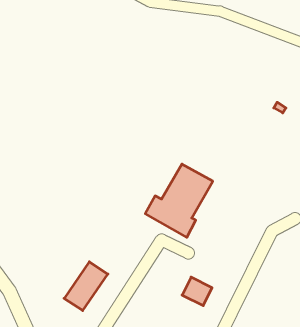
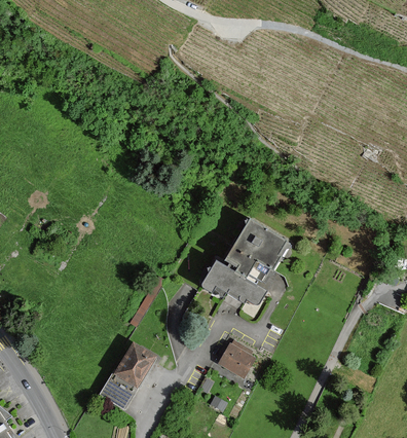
building: [182,277,212,306] -> [218,341,256,377]

